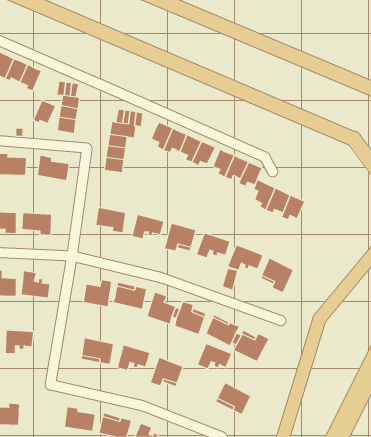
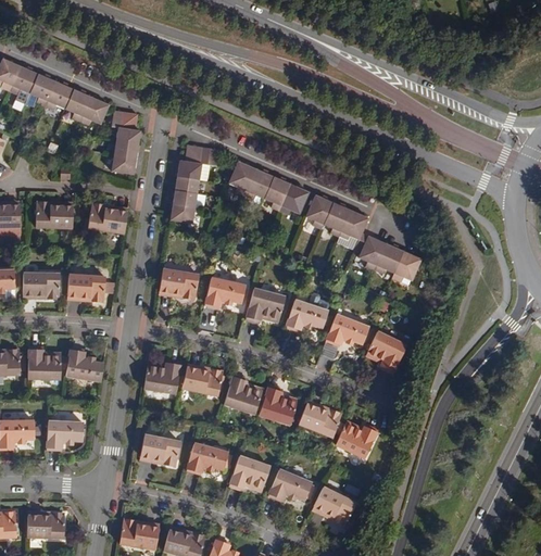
building: [33,100,56,124] -> [81,97,110,126]
building: [197,344,232,369] -> [267,467,311,498]

